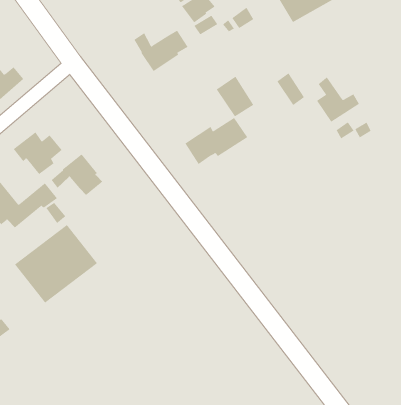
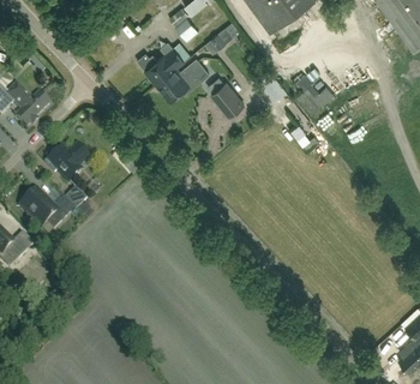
building: [185,117,248,165] -> [156,59,209,102]
building: [51,153,103,196] -> none
building: [14,224,98,303] -> none

